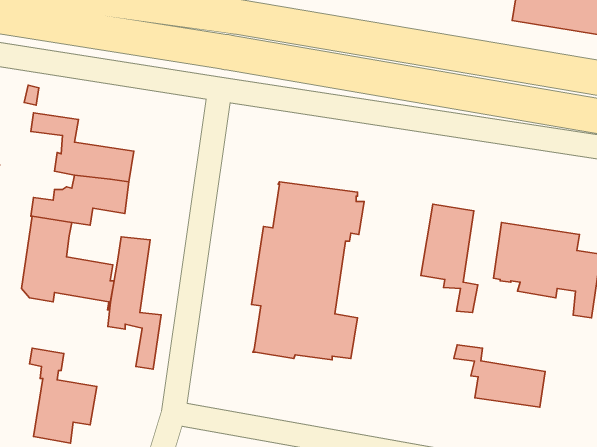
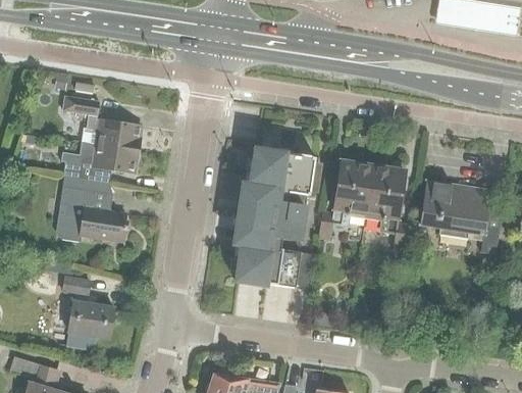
building: none -> [318,160,373,239]
building: [108,237,161,369] -> none
building: [454,345,545,407] -> none

